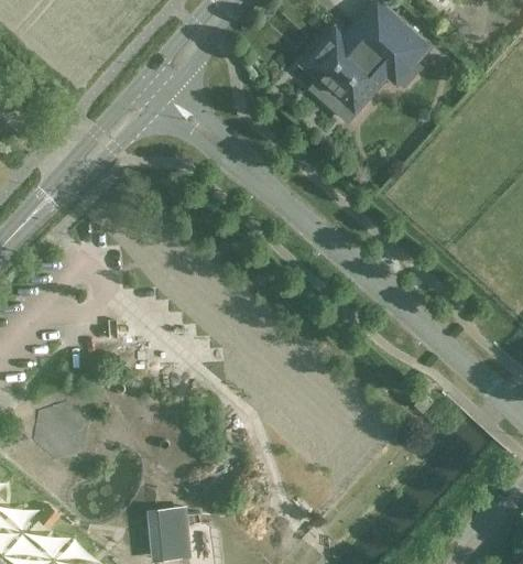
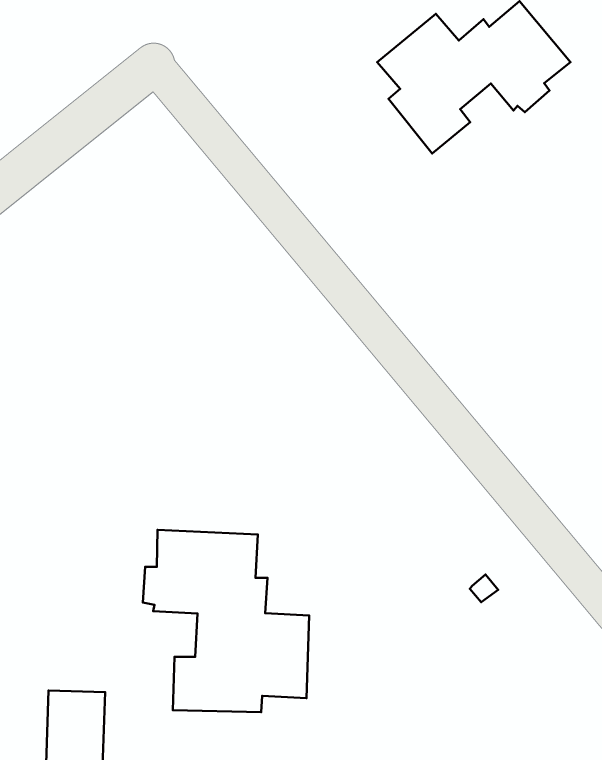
building: none -> [143,530,309,712]

